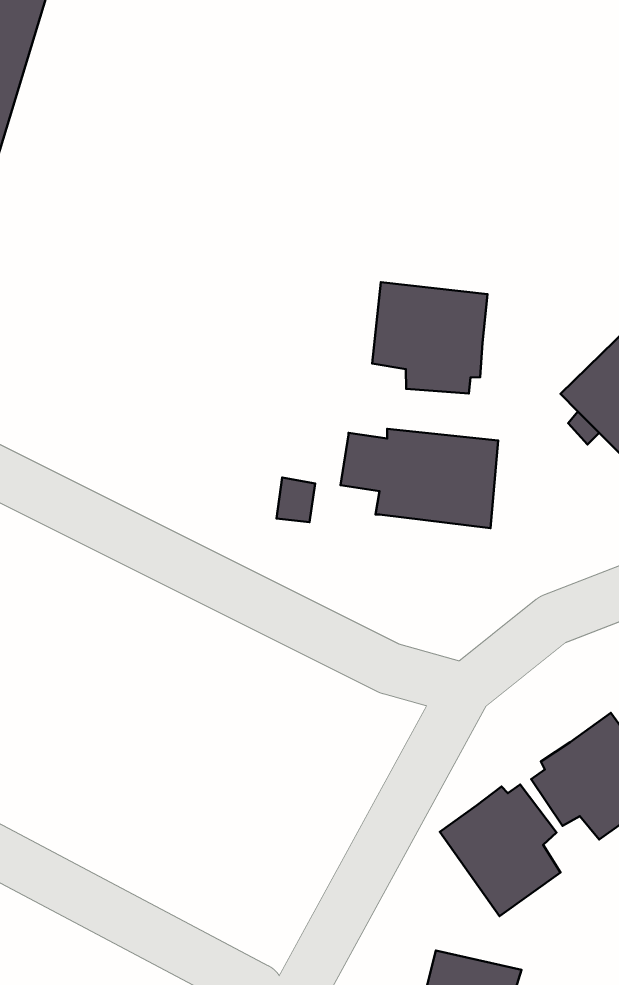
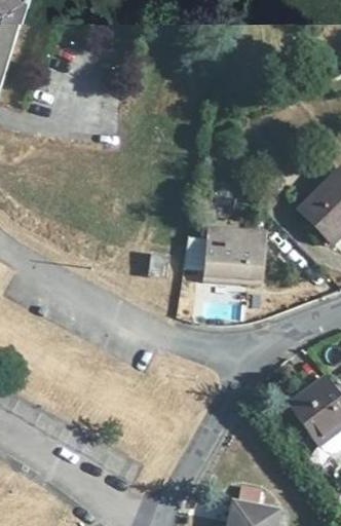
building: [372,282,488,394] -> none
building: [440,784,561,916] -> none

